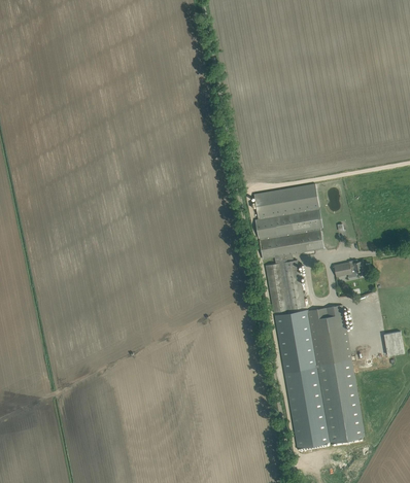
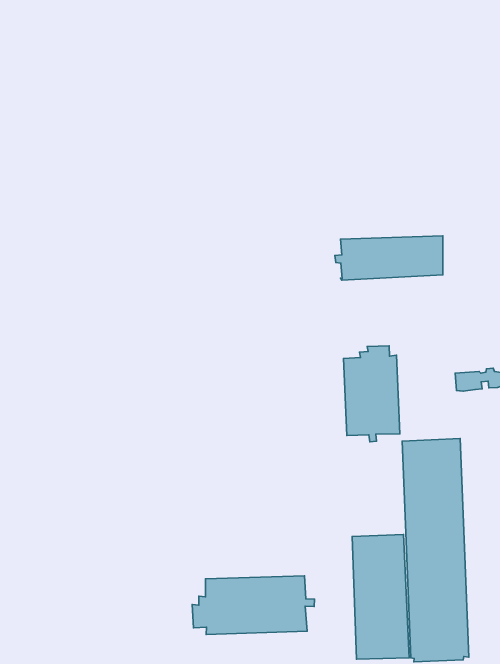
building: [253,207,322,258] -> none
building: [272,311,312,363] -> none
building: none -> [192,576,315,634]

